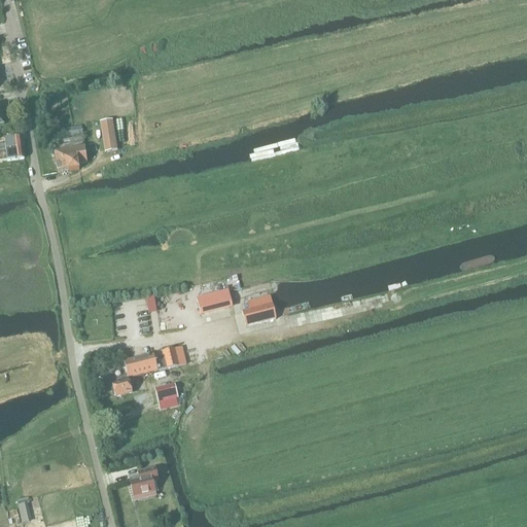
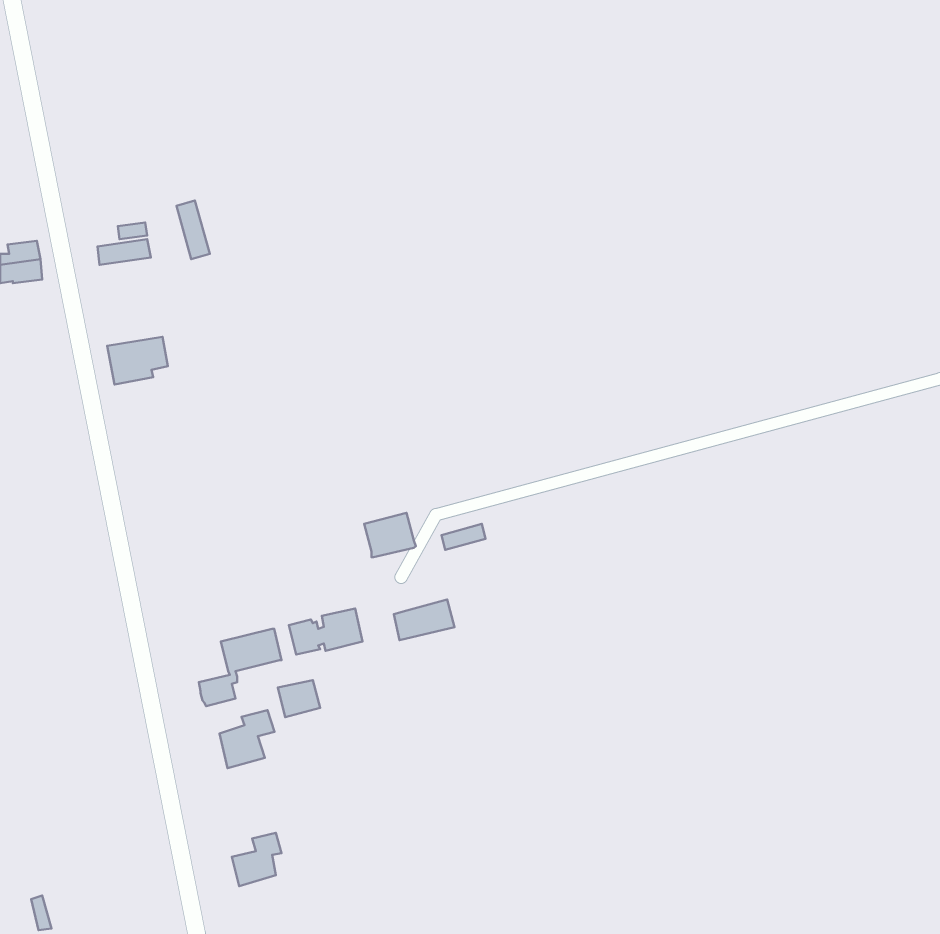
building: [54,144,87,171] -> [107,337,168,384]
building: [242,302,276,324] -> [394,600,455,640]
building: none -> [220,710,274,768]

